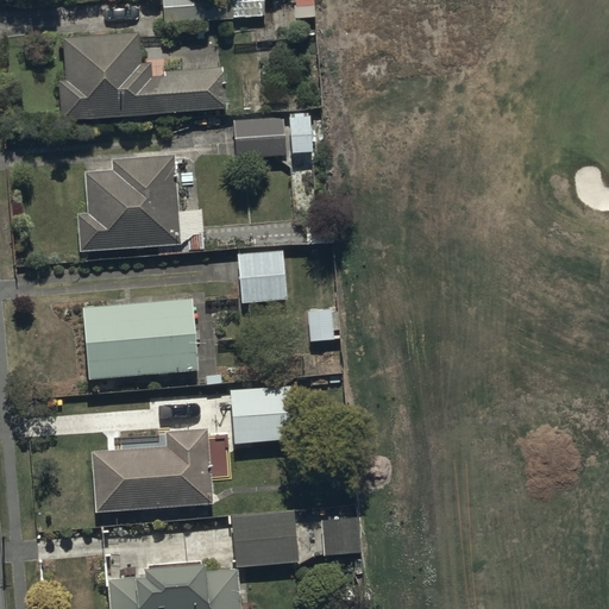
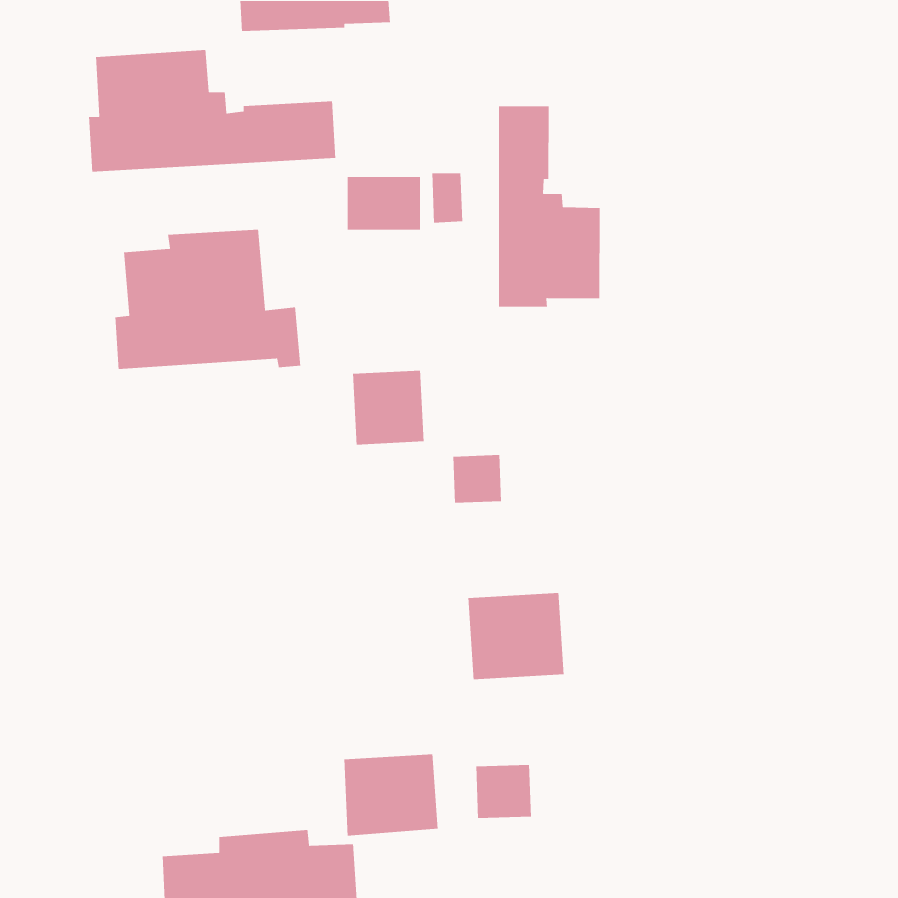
building: none -> [498,105,601,308]
building: [83,297,199,379] -> none
building: [230,385,295,445] -> [467,592,564,680]
building: [92,428,212,513] -> none

